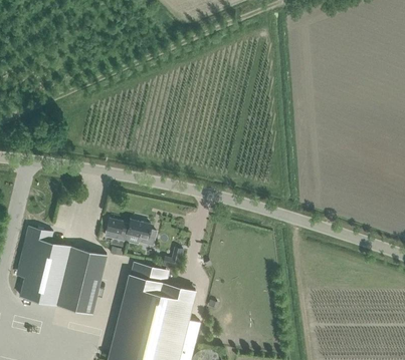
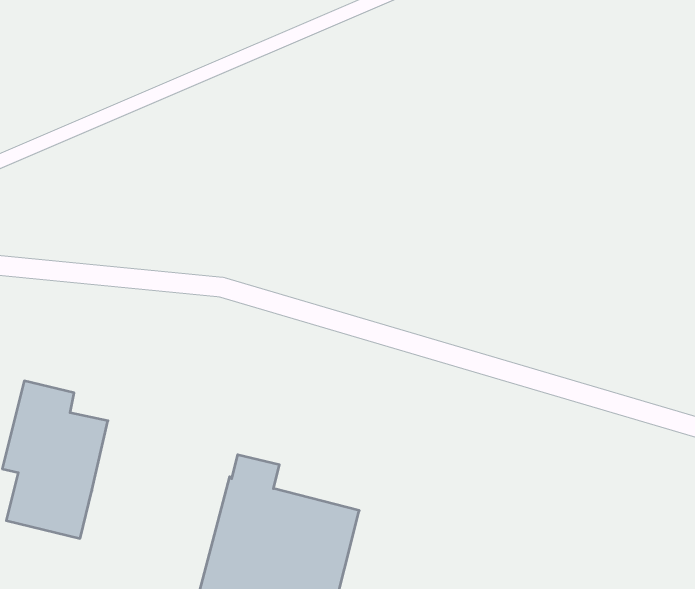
building: [105,220,156,247] -> none
building: [56,248,106,315] -> none

